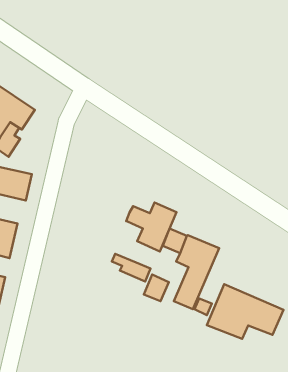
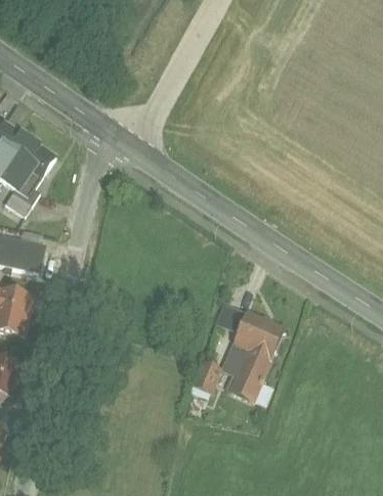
building: [126,203,177,251] -> none
building: [112,254,150,281] -> none
building: [207,284,283,339] -> none

